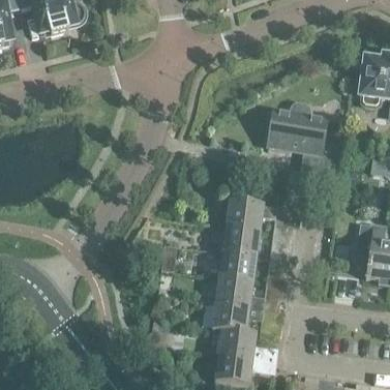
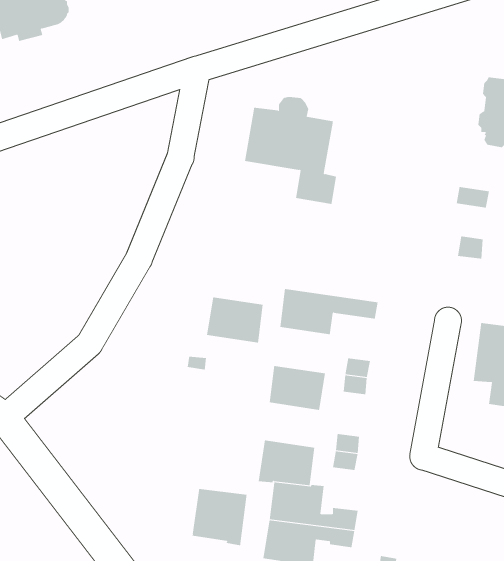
building: [268,101,330,174] -> [244,96,337,204]
building: [222,224,261,256] -> [206,297,263,343]
building: [216,275,253,305] -> none
building: none -> [192,488,247,546]

